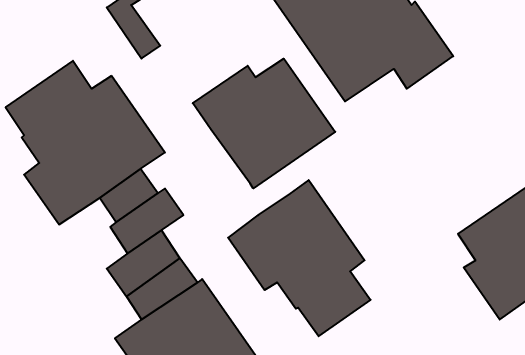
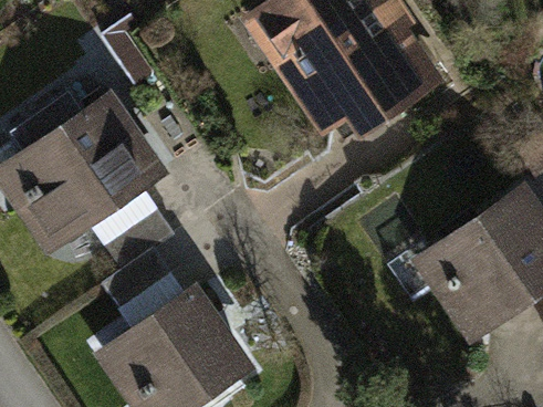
building: [193,59,335,188] -> none
building: [228,180,371,336] -> none

